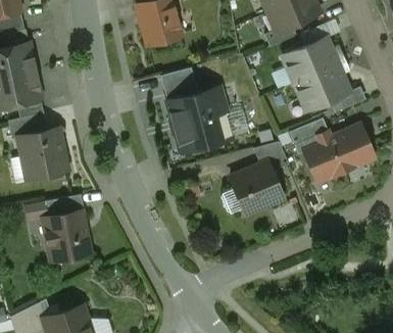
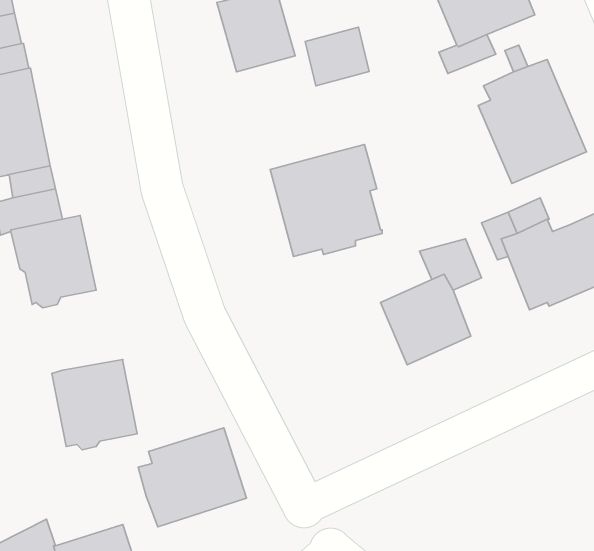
building: [160,68,197,102] -> [305,27,369,86]
building: [44,195,84,218] -> none
building: none -> [138,428,246,527]

